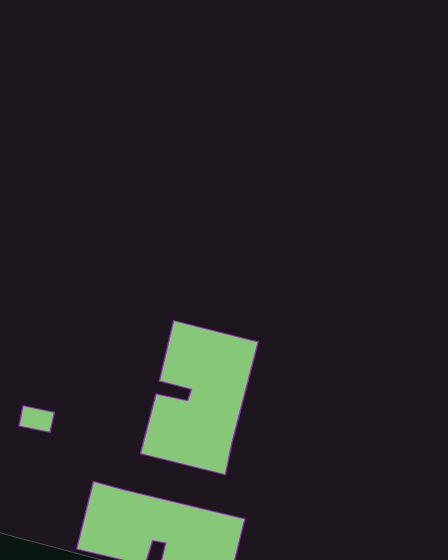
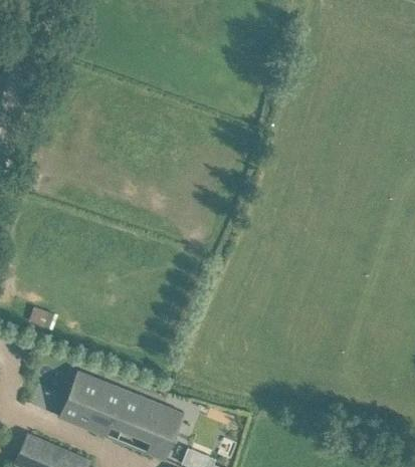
building: [140,320,258,475] -> none

